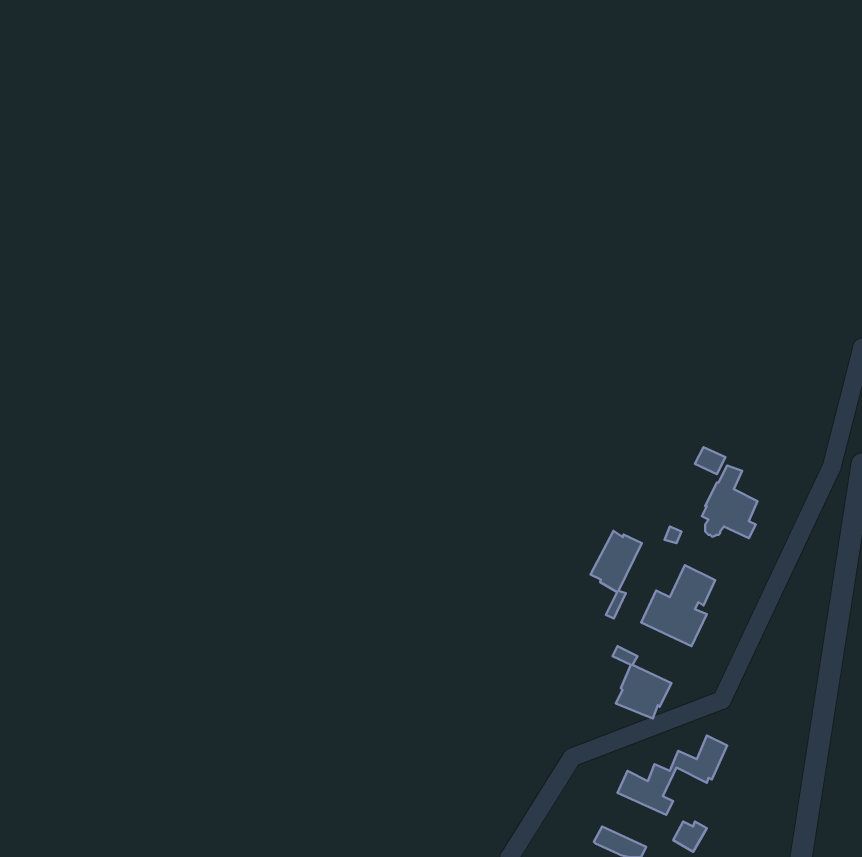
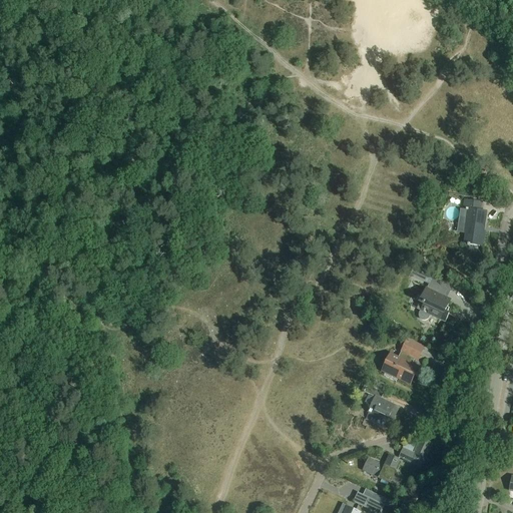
building: none -> [462,198,486,244]
building: [590,531,642,618] -> none

